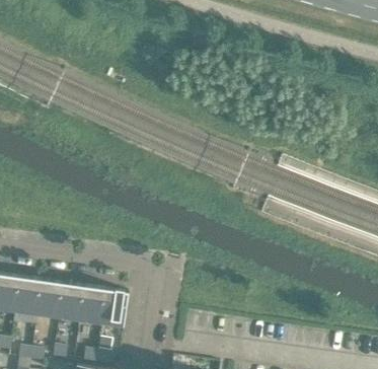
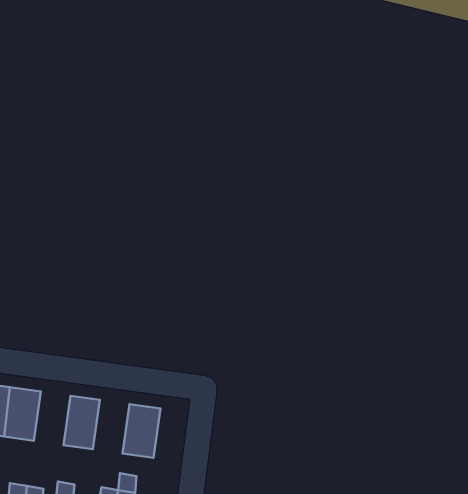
building: [36,283,63,321] -> none
building: [79,289,105,327] -> none

